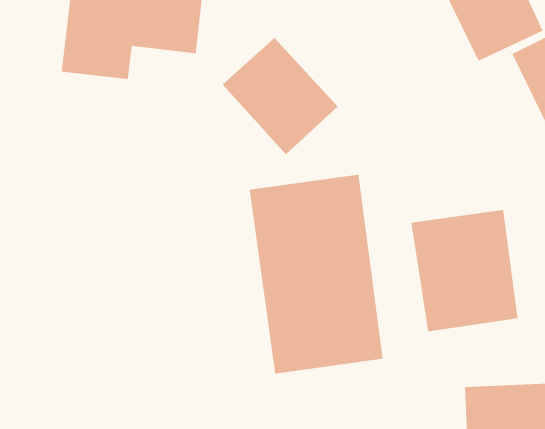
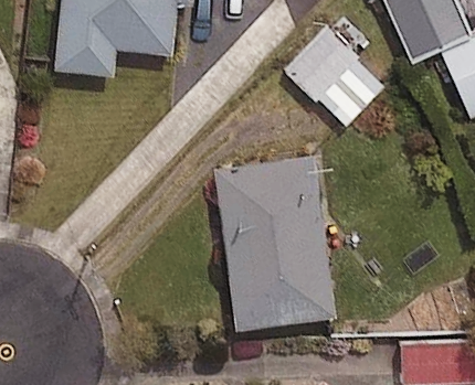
building: [222,37,338,155] -> [284,26,384,128]
building: [411,209,518,332] -> none

